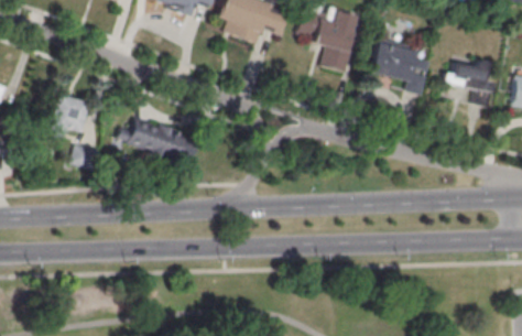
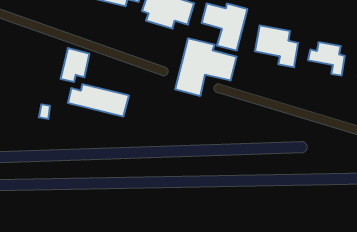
building: none -> [175,38,237,96]
building: [48,94,88,140] -> [60,48,89,82]

